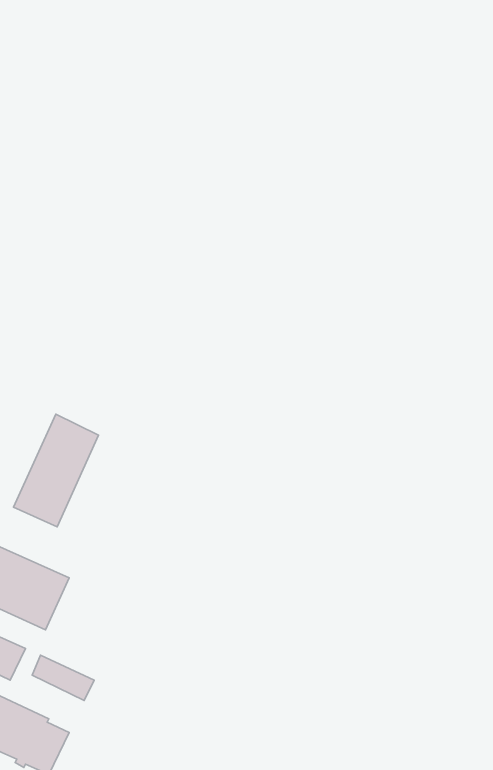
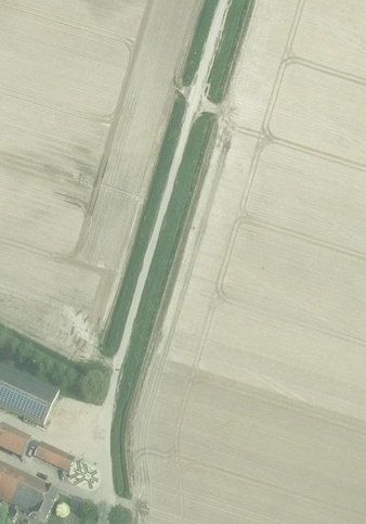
building: [13,414,99,527] -> none

